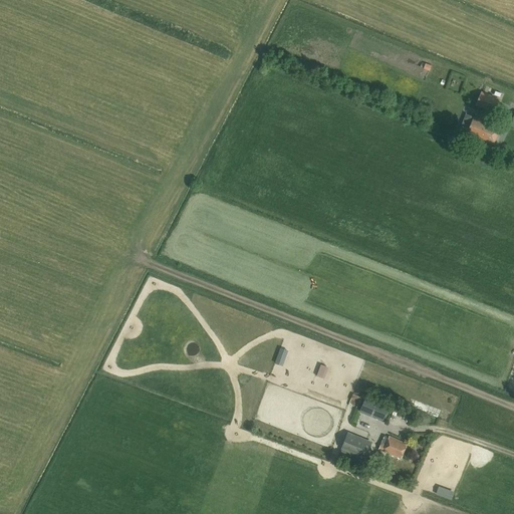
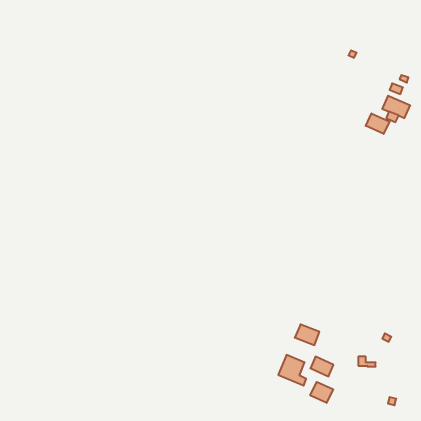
building: none -> [366,113,389,134]
building: none -> [310,382,333,403]

